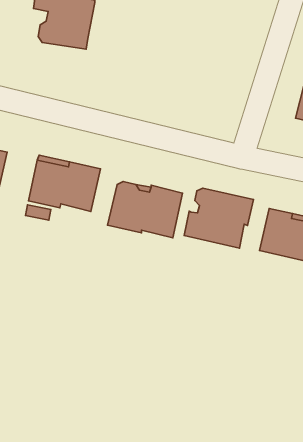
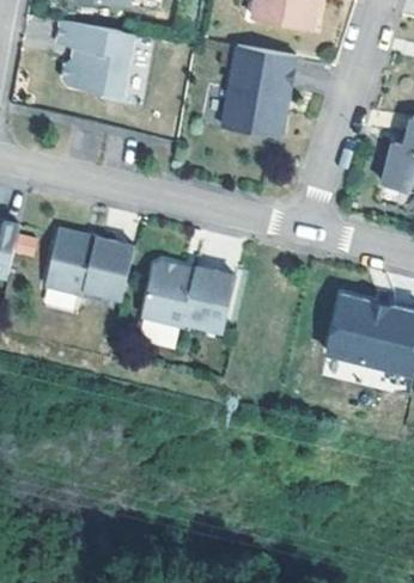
building: none -> [220,49,293,140]
building: [184,188,253,248] -> none

